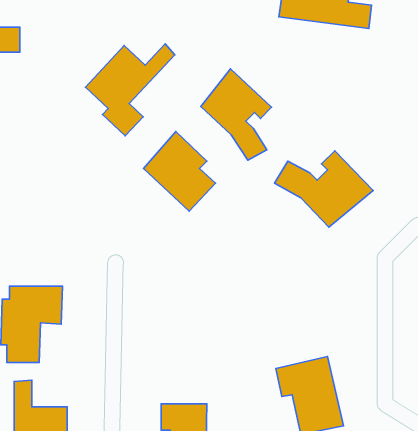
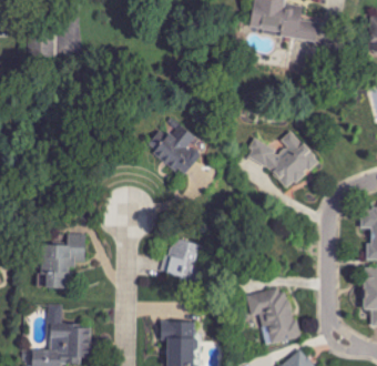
building: [85,44,175,136] -> none
building: [201,69,271,160] -> none
building: none -> [162,237,201,281]

